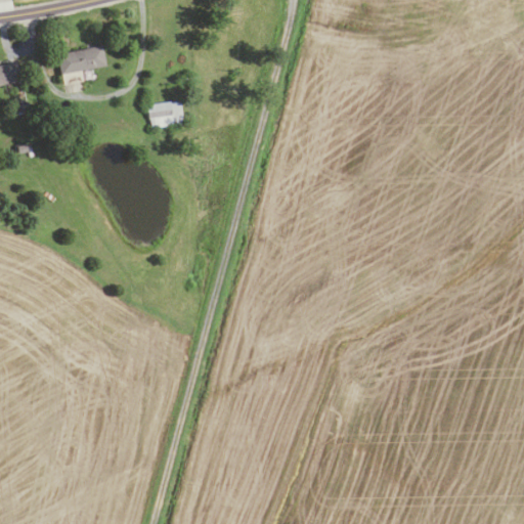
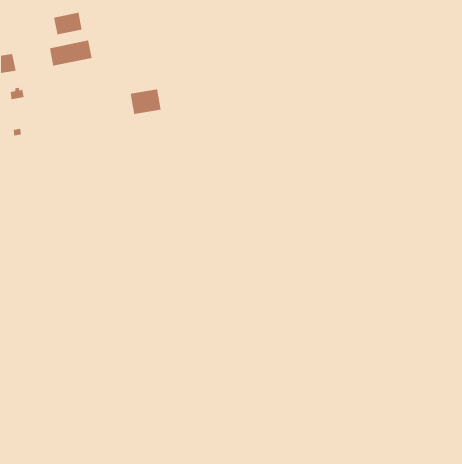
building: none -> [54,12,82,35]

